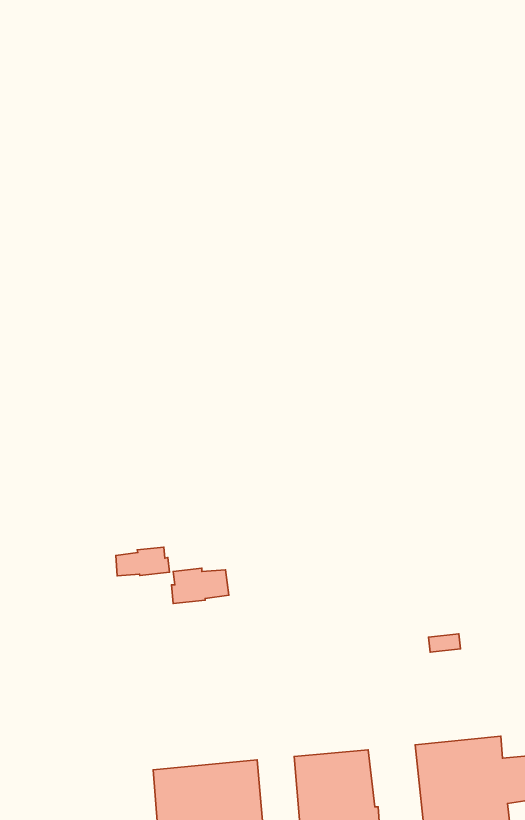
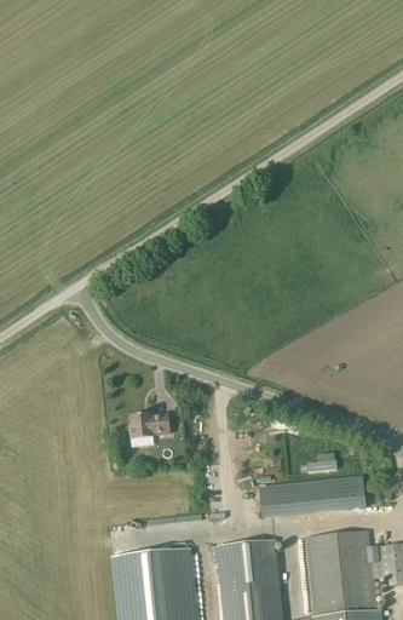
building: [116,547,170,576] -> none
building: none -> [258,476,364,519]

